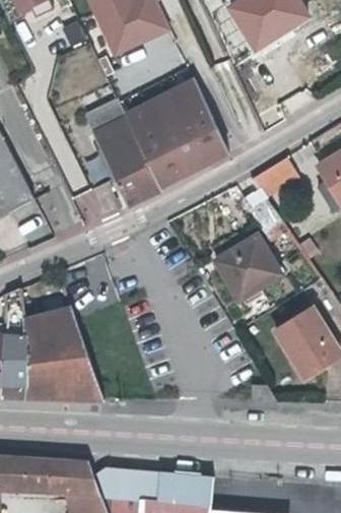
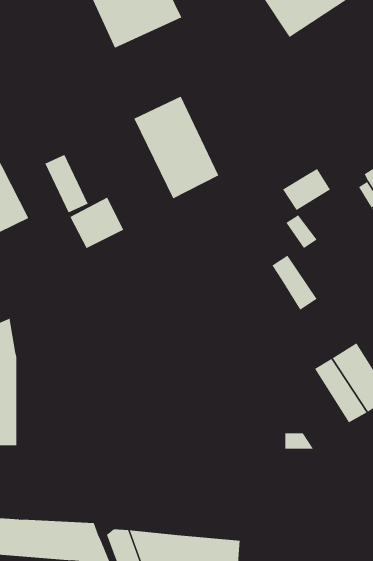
building: [164,81,227,166] -> none
building: [86,104,159,206] -> none
building: [215,243,266,298] -> none
building: [24,309,104,399] -> none

